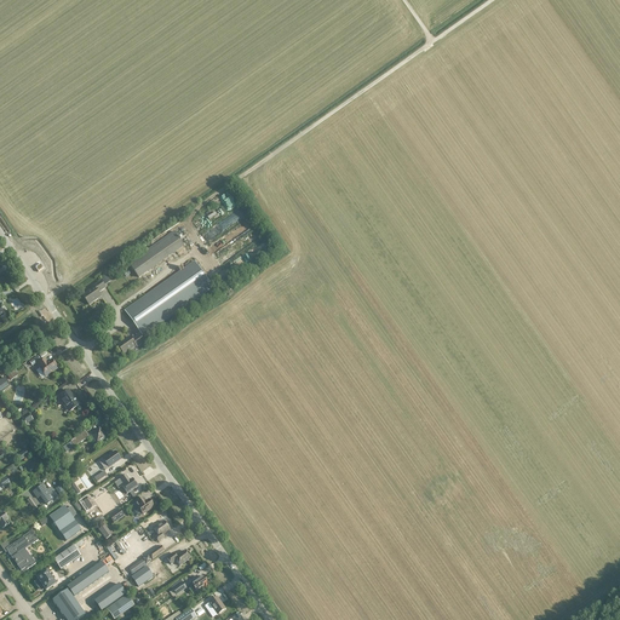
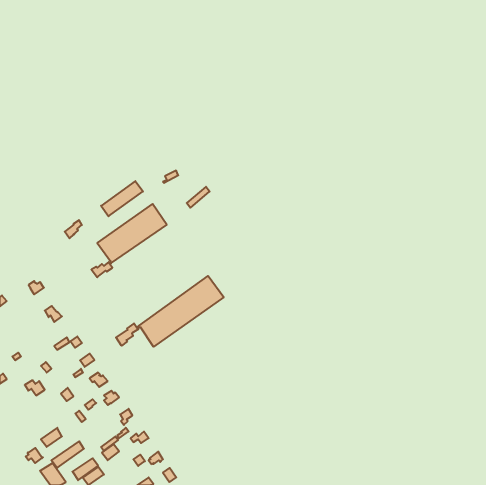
building: none -> [116,276,224,347]
building: [48,505,80,539] -> none
building: [5,529,36,569] -> none

